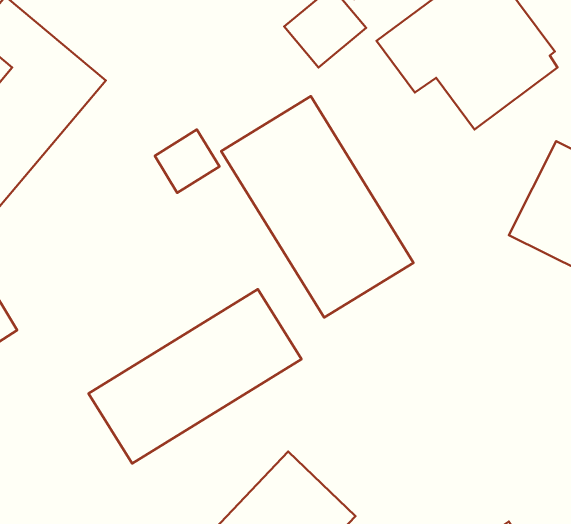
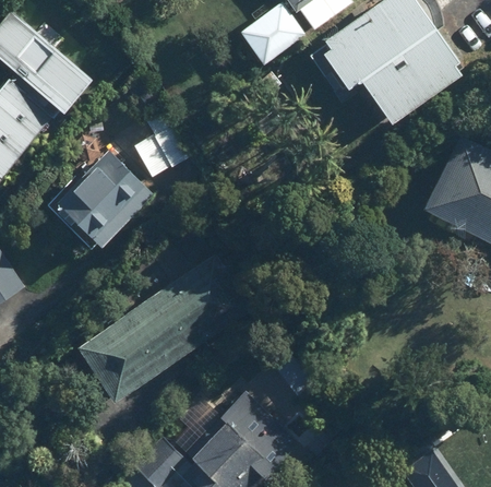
building: [221,96,414,318] -> none
building: none -> [50,143,156,248]

